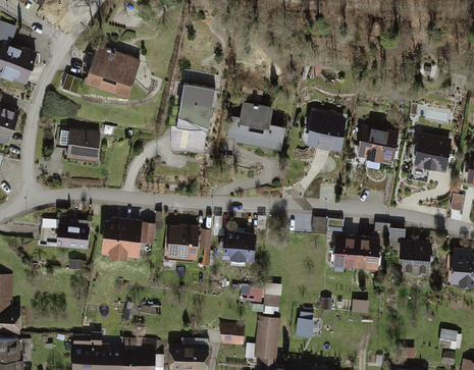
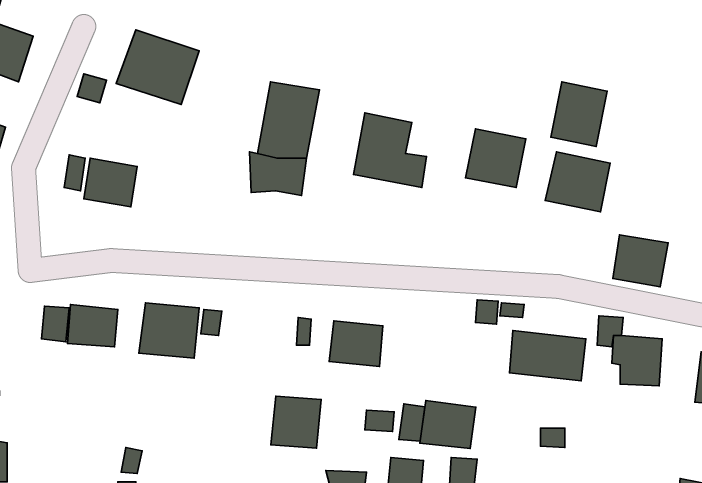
building: none -> [551,82,607,147]
building: [414,135,449,167] -> [613,235,668,287]
building: [166,225,198,258] -> [271,396,321,448]
building: none -> [420,401,476,448]

